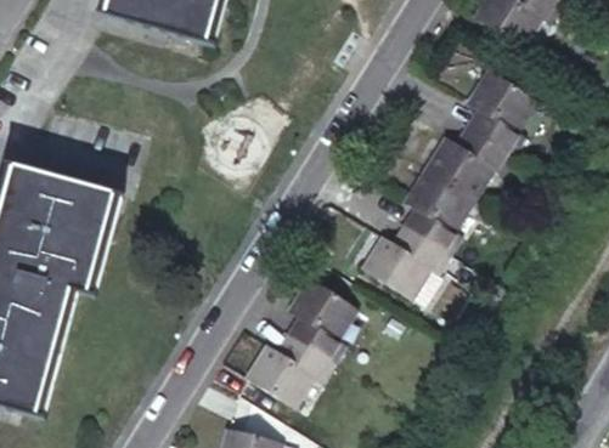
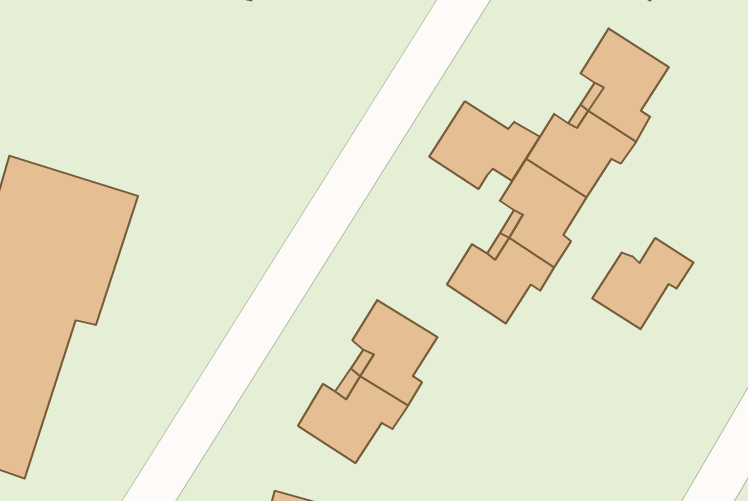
building: none -> [429,101,540,189]
building: none -> [592,238,693,329]

